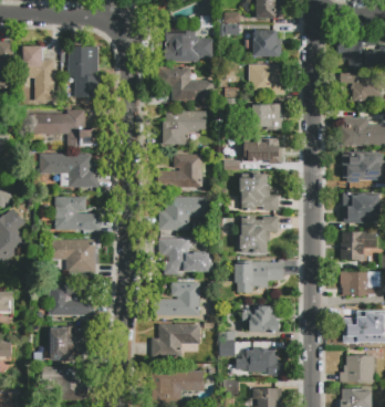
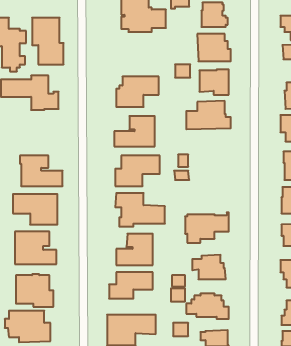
building: [159,66,212,101] -> none
building: [40,154,97,187] -> none
building: [239,174,278,210] -> none
building: [239,216,277,252] -> none

